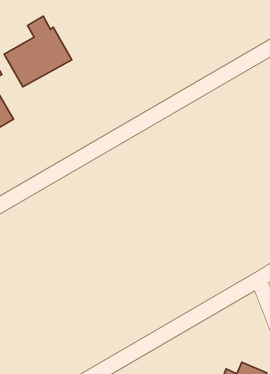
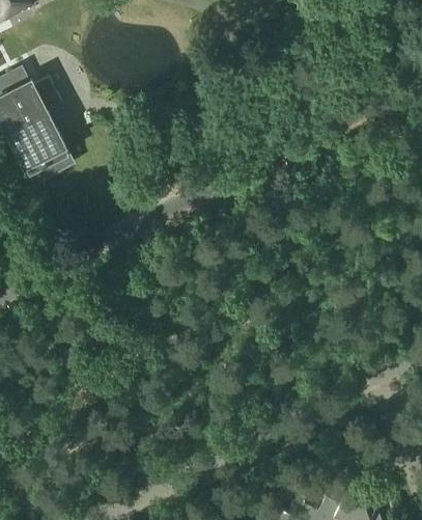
building: [4,16,72,87] -> none

